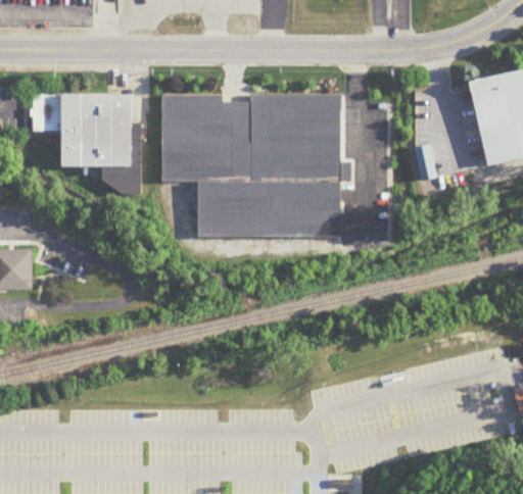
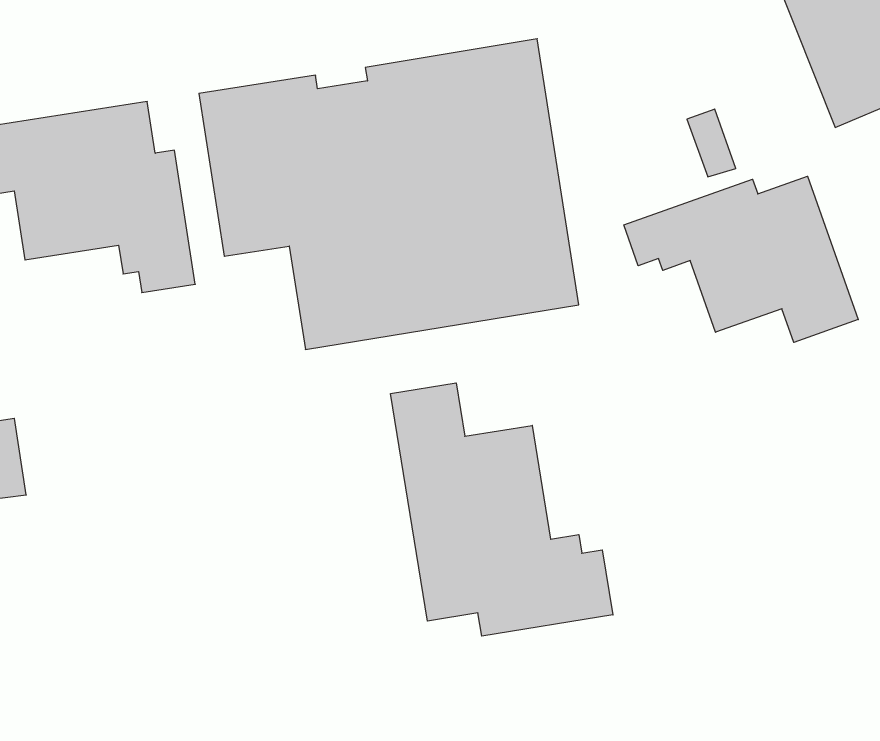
building: none -> [624,176,858,342]
building: none -> [391,383,613,636]

